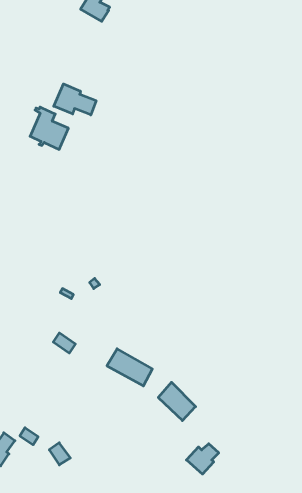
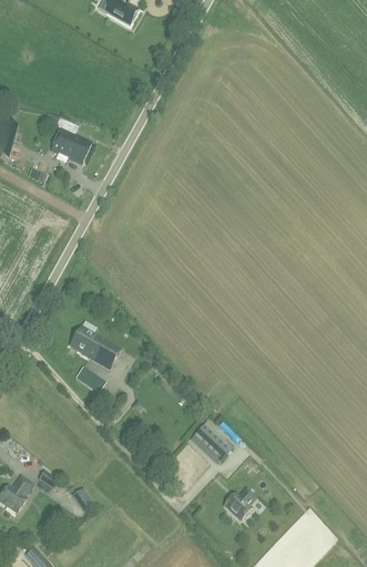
building: [54,84,96,115] -> none
building: [107,349,152,386] -> [69,328,119,369]

